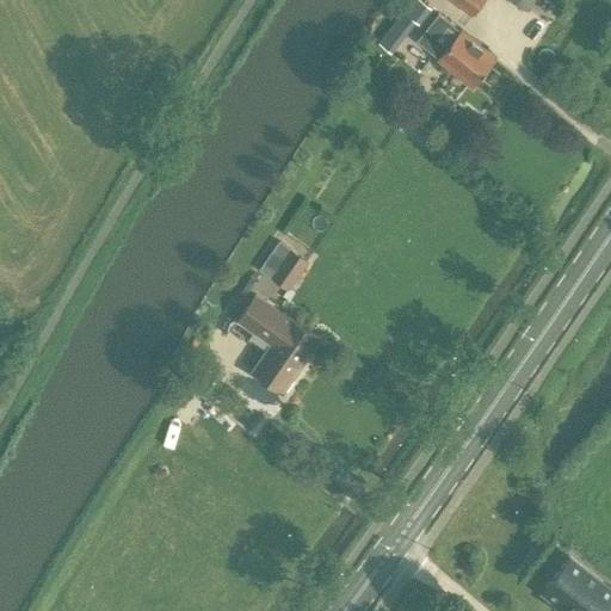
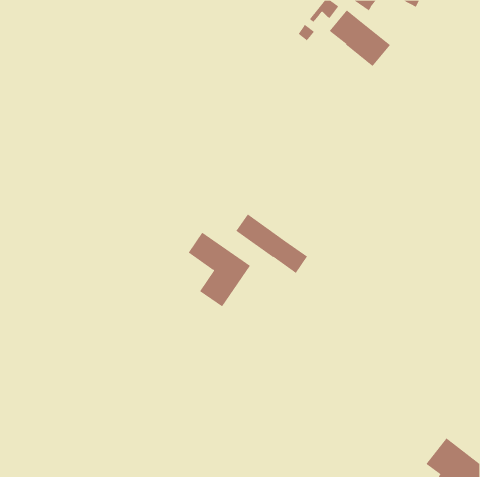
building: [259,243,308,292] -> none
building: none -> [236,214,308,274]

